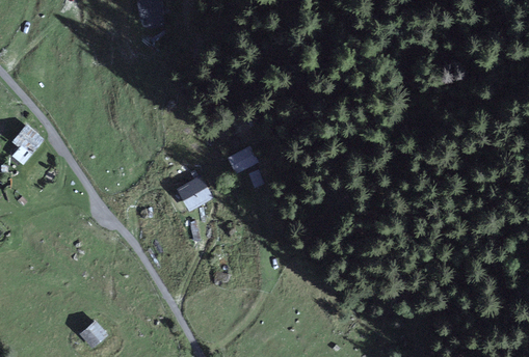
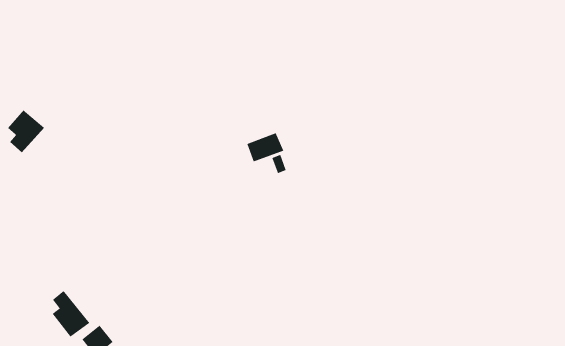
building: [180,179,209,208] -> none
building: none -> [52,290,90,337]

